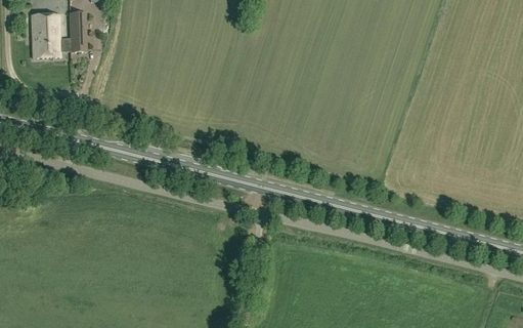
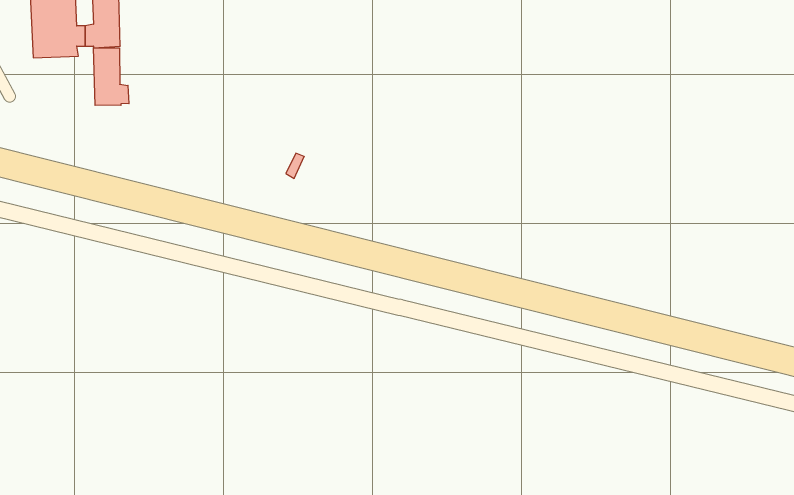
building: none -> [94,48,129,105]

